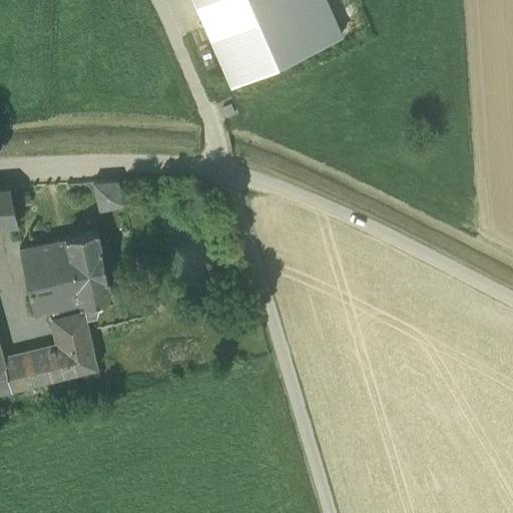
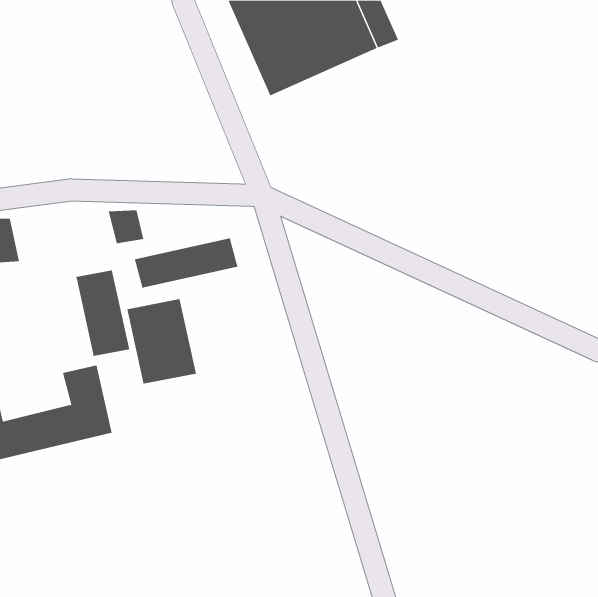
building: none -> [134,238,238,289]
building: [19,240,79,314] -> [126,299,197,384]

